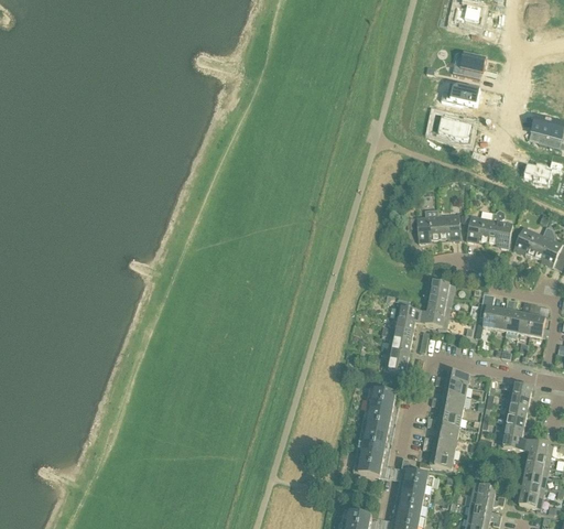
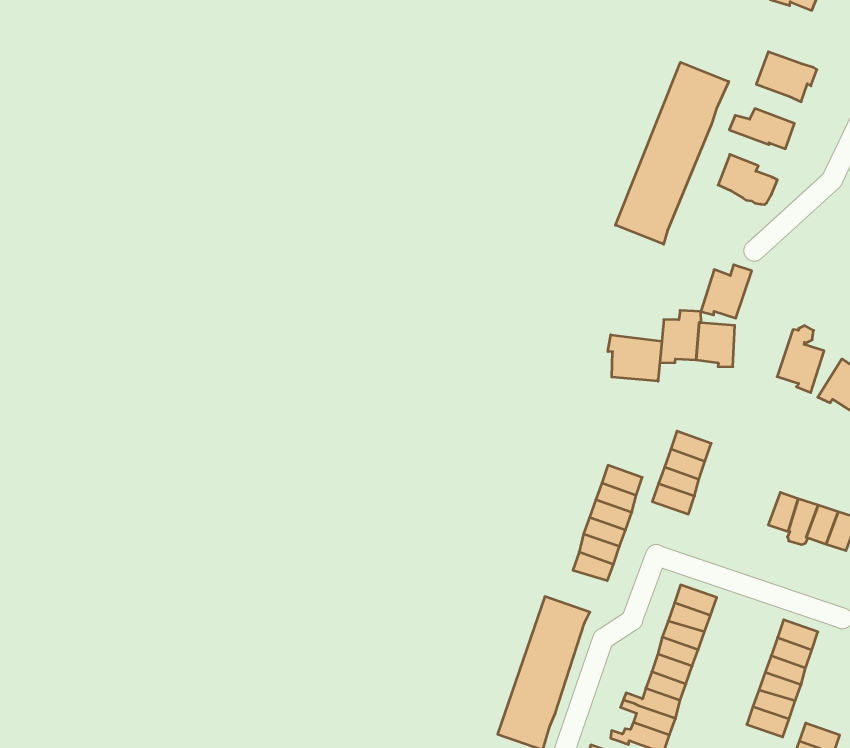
building: none -> [615,62,729,244]
building: [466,209,492,240] -> [701,265,752,318]
building: none -> [608,335,662,381]
building: [478,292,498,327] -> none

